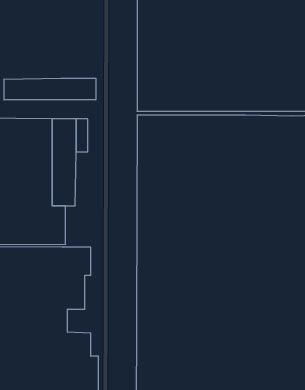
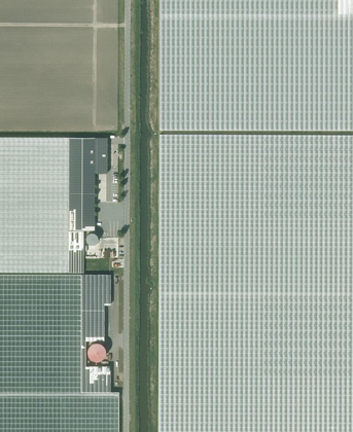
building: [4,78,96,100] -> none

